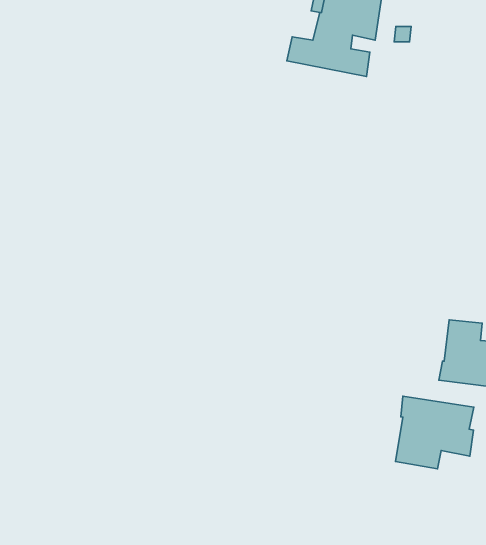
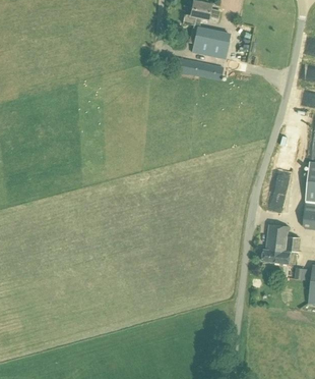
building: [396,396,474,469] -> none

